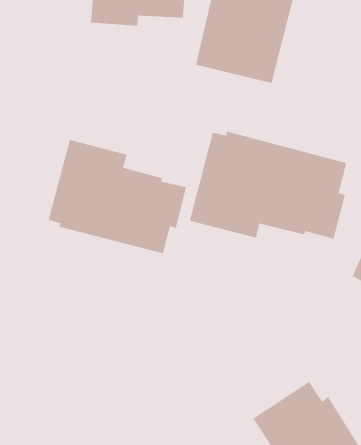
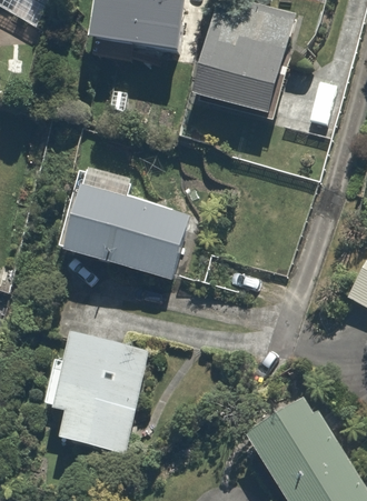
building: [189,131,347,240] -> none
building: none -> [34,331,148,453]

